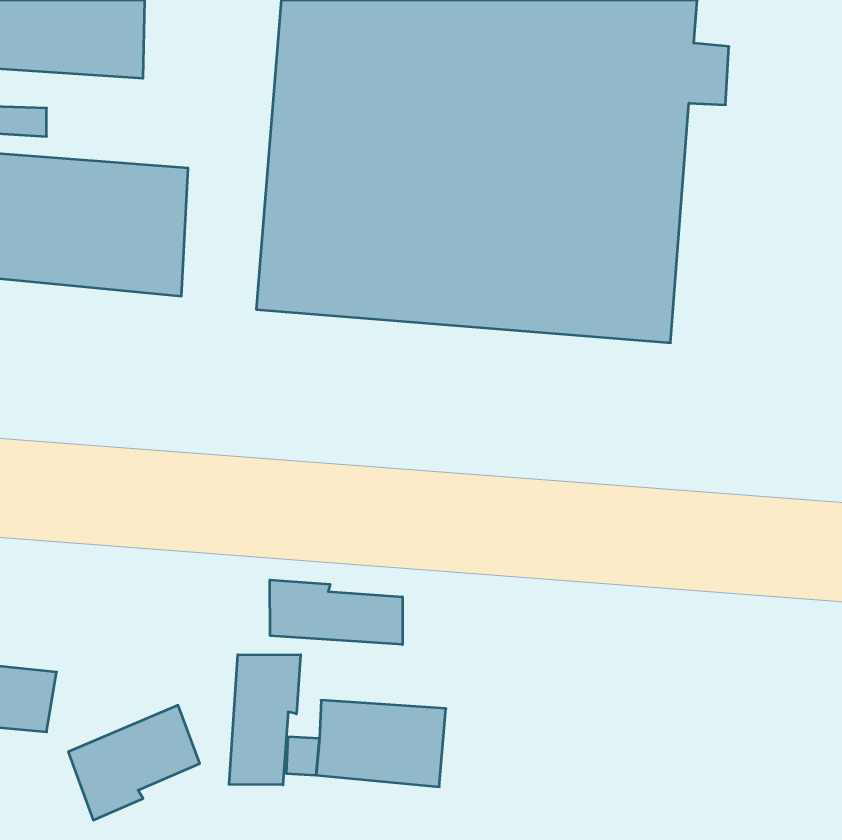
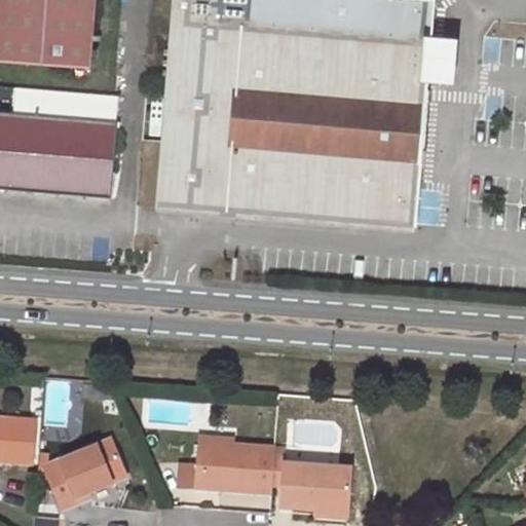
building: [270,580,402,645] -> none
building: [229,655,301,785] -> none
building: none -> [278,456,347,516]

